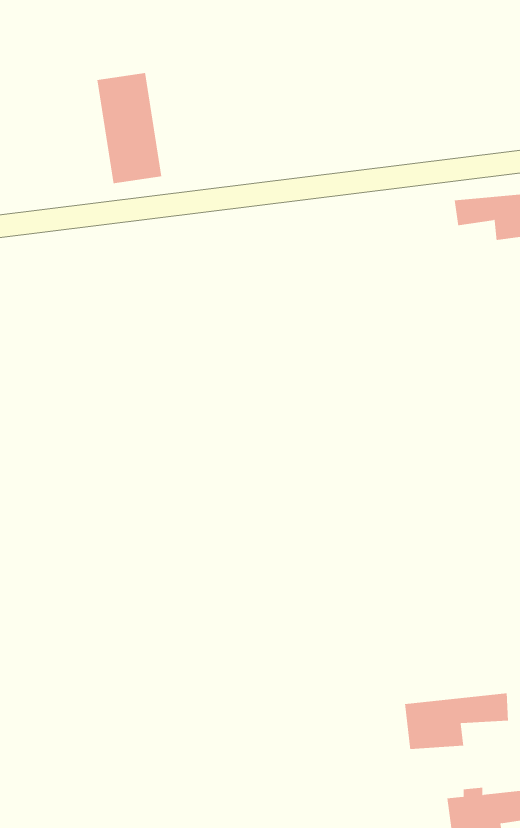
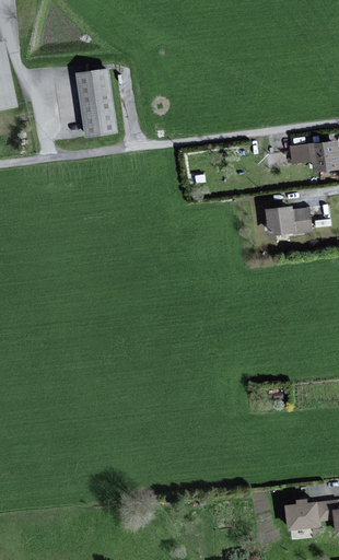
building: none -> [266,206,313,236]
building: [405,693,508,750] -> none

